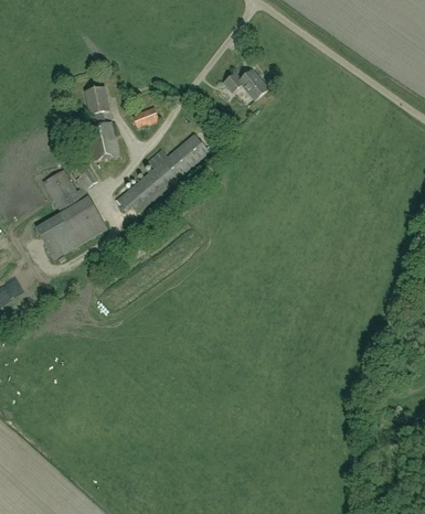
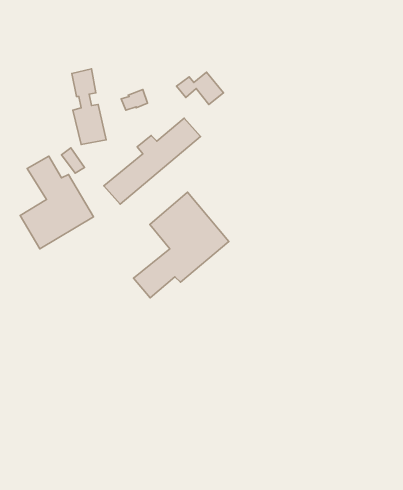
building: [223,69,268,100] -> [177,72,224,104]
building: none -> [133,192,229,298]

